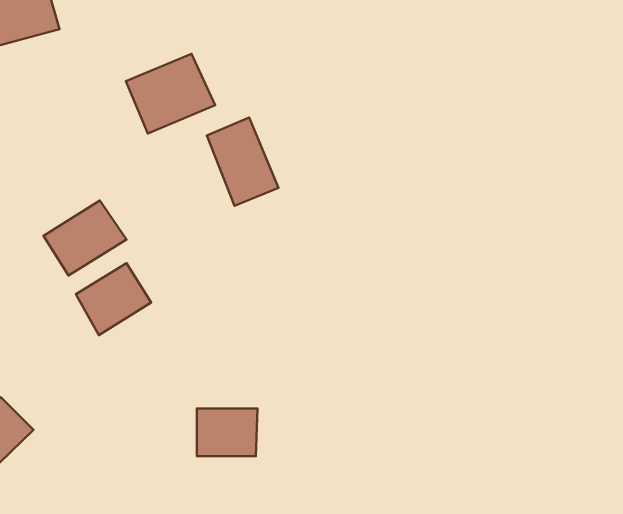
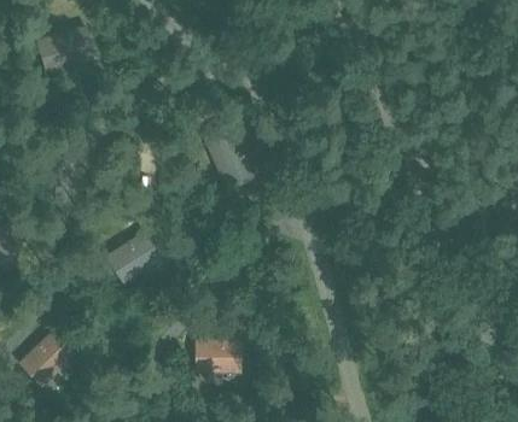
building: [126,54,215,133] -> none
building: [43,200,126,276] -> none

